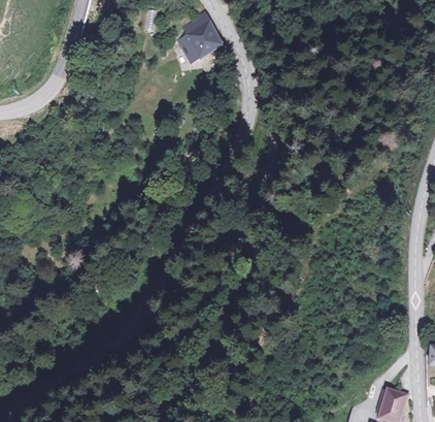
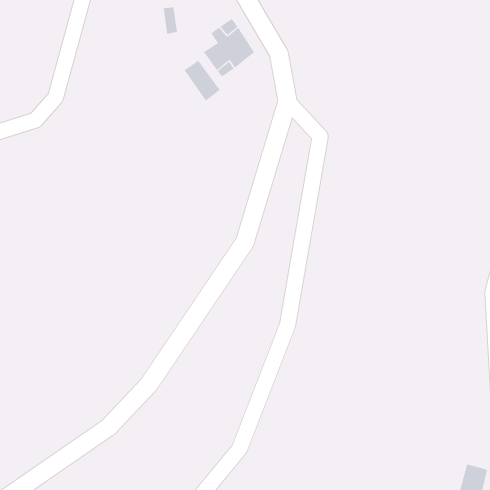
building: none -> [184,60,221,101]

